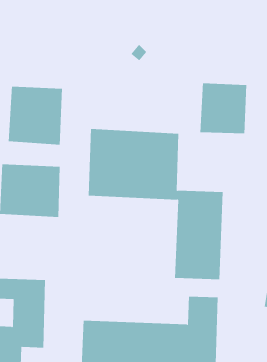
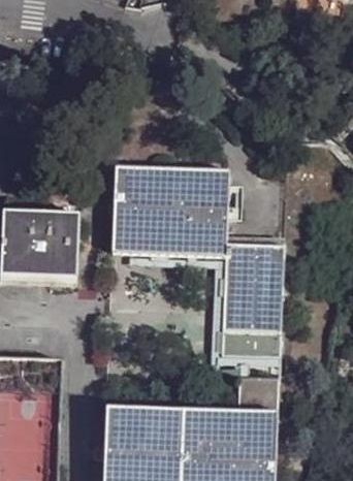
building: [200,82,247,134] -> none
building: [8,86,63,145] -> none

